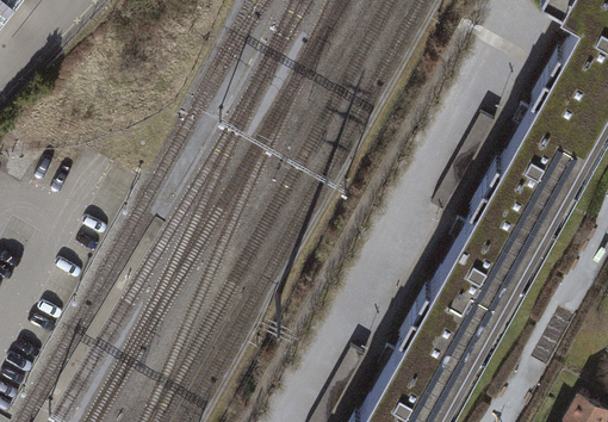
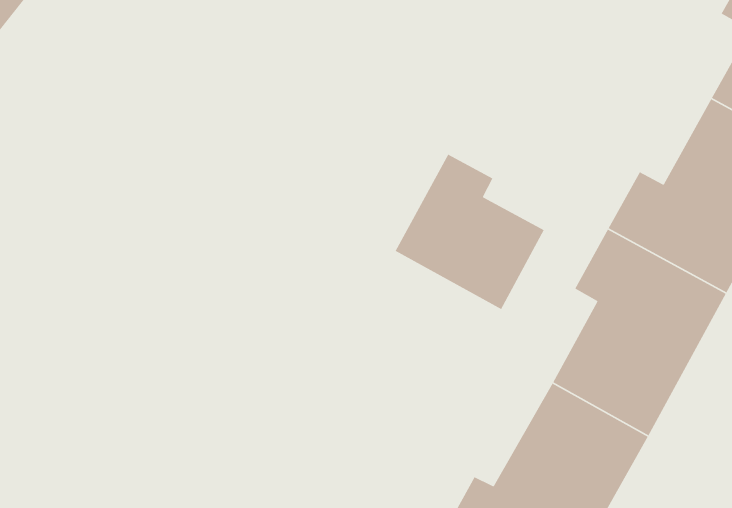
building: none -> [394,154,545,310]

